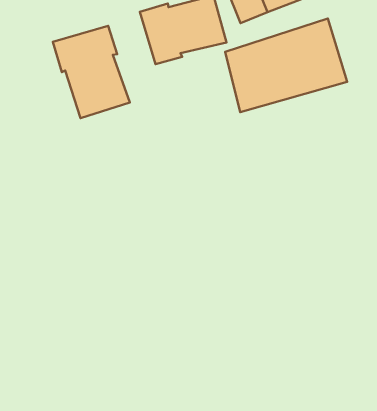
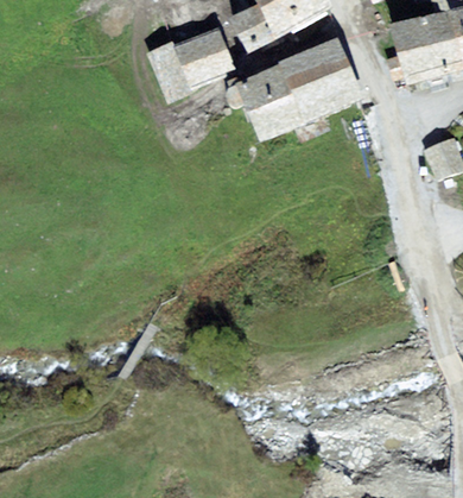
building: [53,26,130,118] -> none

